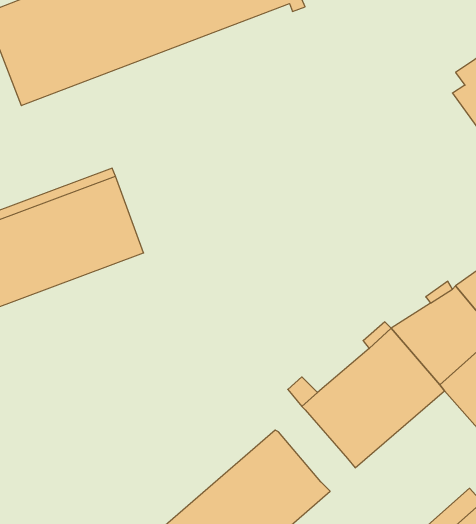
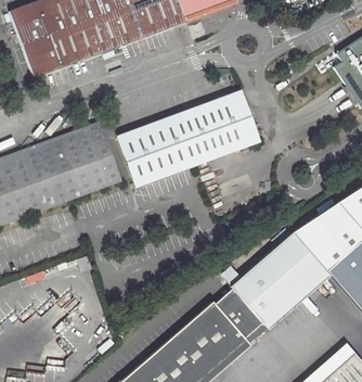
building: none -> [118,89,259,186]
building: none -> [215,289,262,339]

